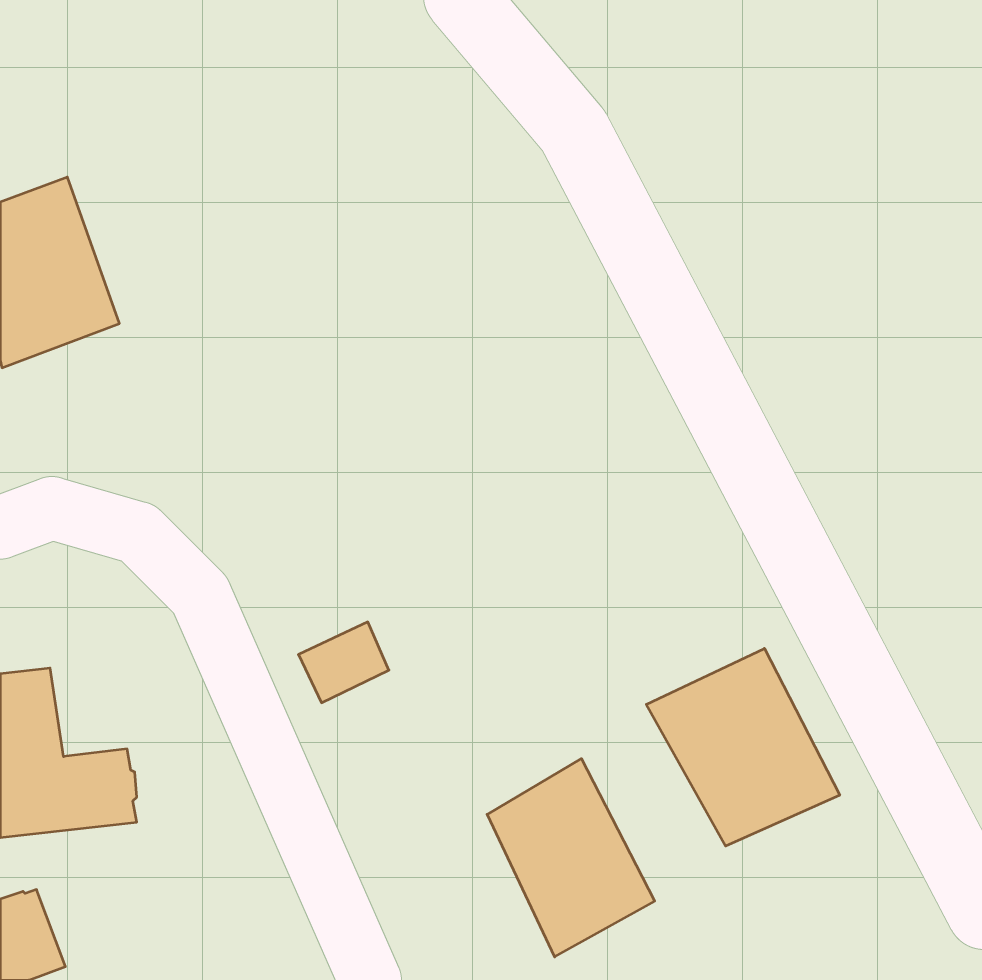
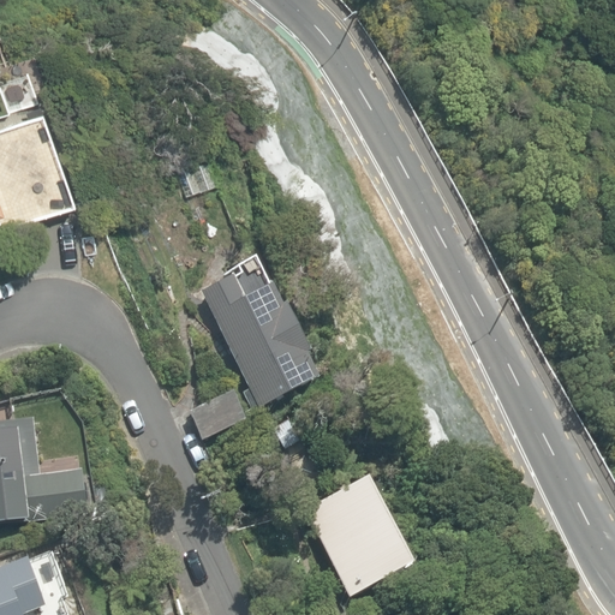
building: none -> [201,274,316,410]
building: [646,648,840,846] -> none

